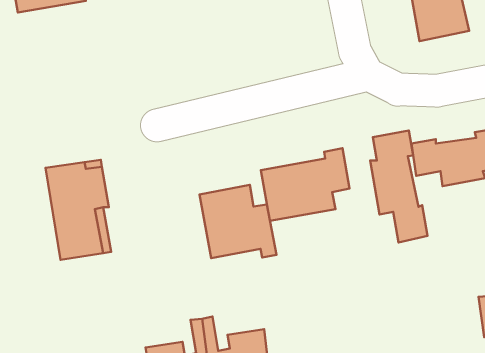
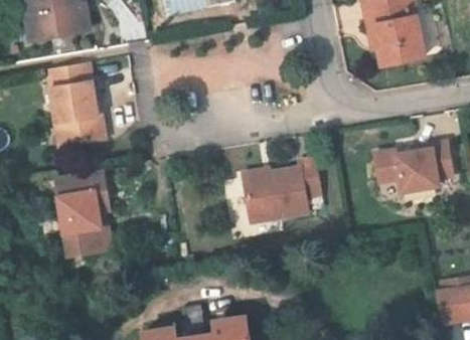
building: none -> [47,61,106,145]
building: [370,131,428,243] -> none
building: [200,185,276,258] -> none

